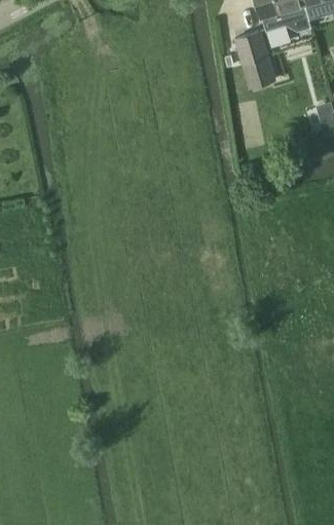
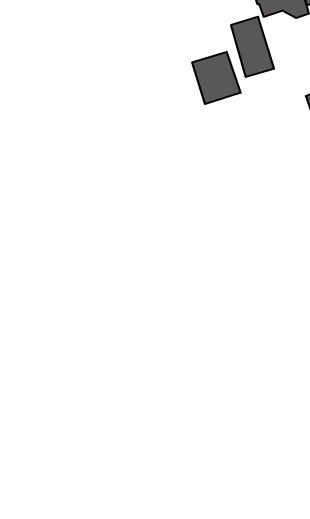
building: none -> [192,52,241,104]

